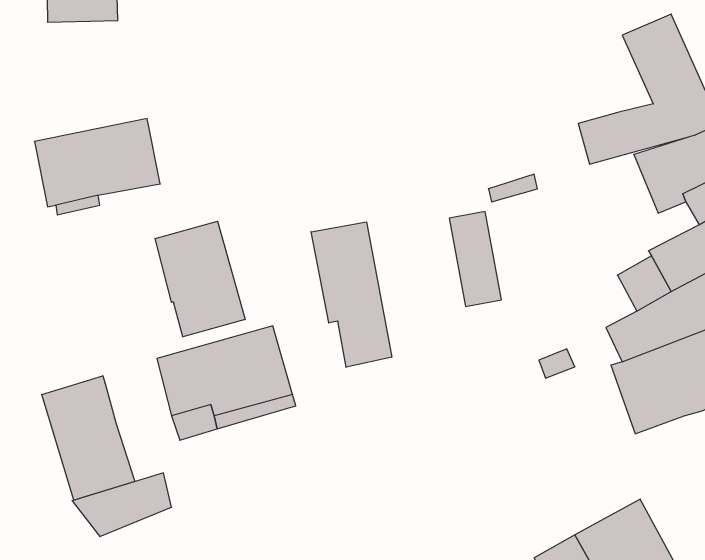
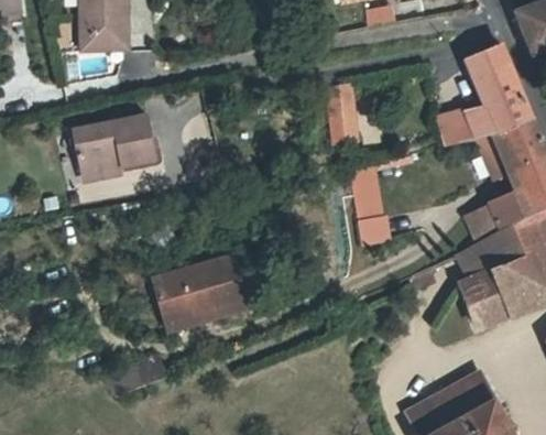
building: none -> [327,85,356,142]
building: [155,221,245,337] -> none
building: [311,222,392,367] -> none
building: [42,376,135,500] -> none

